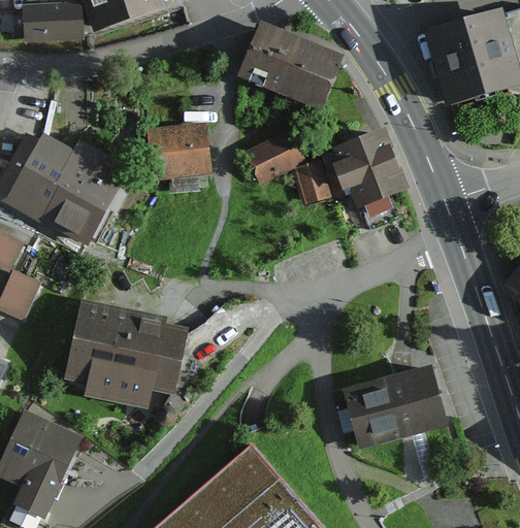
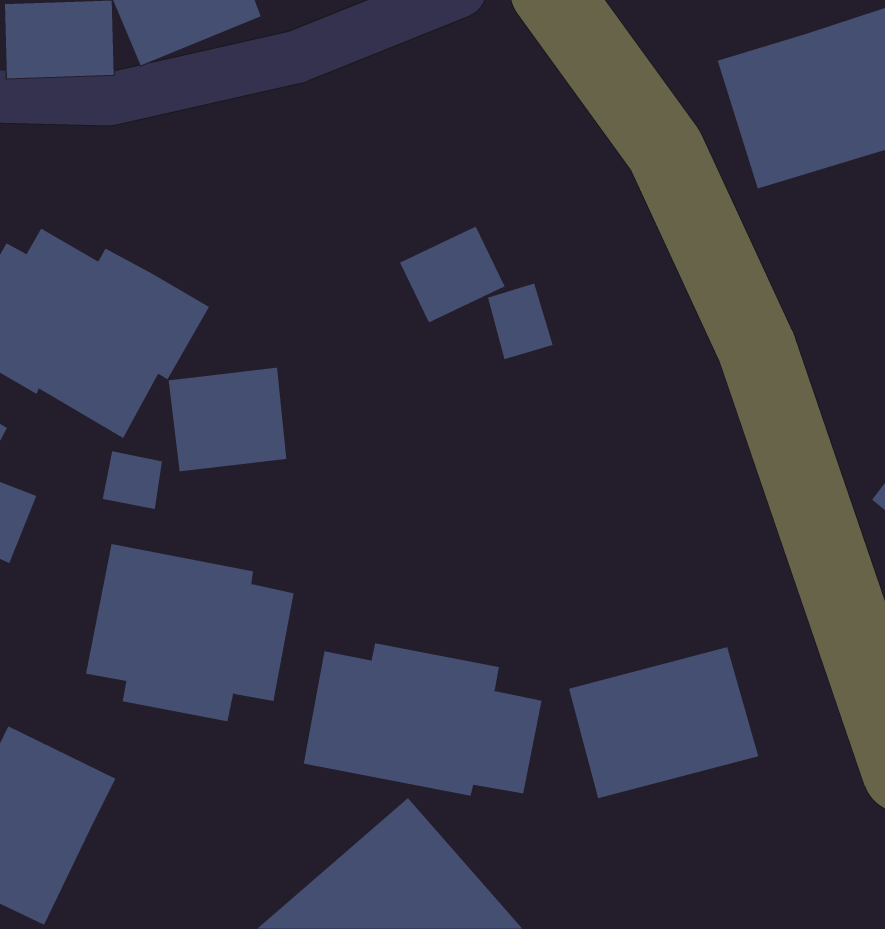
building: [240,24,342,110] -> none
building: [144,120,212,178] -> [168,367,287,472]
building: [323,131,407,227] -> none
building: none -> [102,450,163,510]
building: none -> [303,642,542,797]

